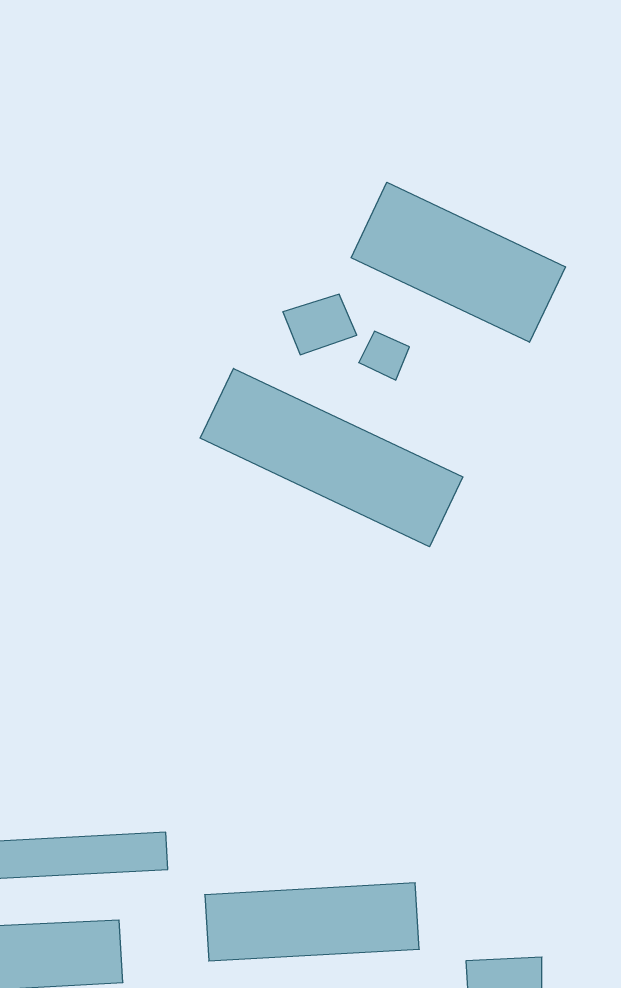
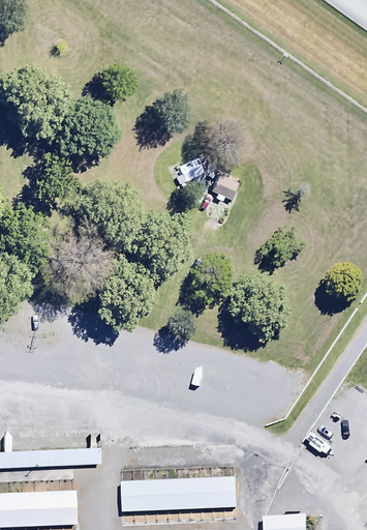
building: [351,182,565,342] -> none
building: [200,368,463,547] -> none

